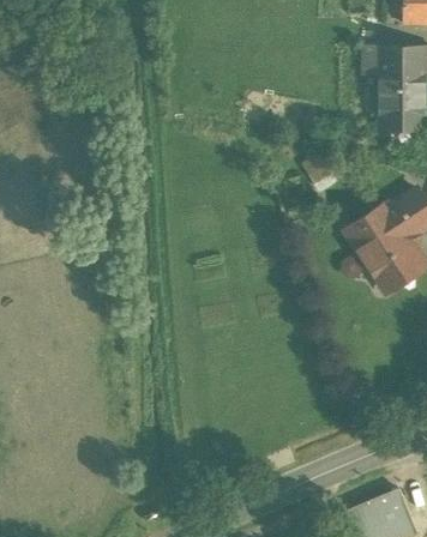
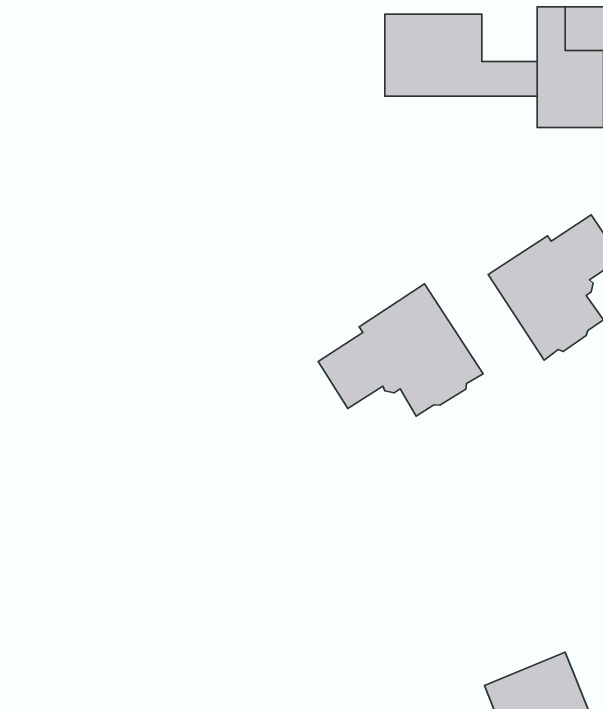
building: none -> [385,14,537,96]
building: none -> [318,284,483,416]

